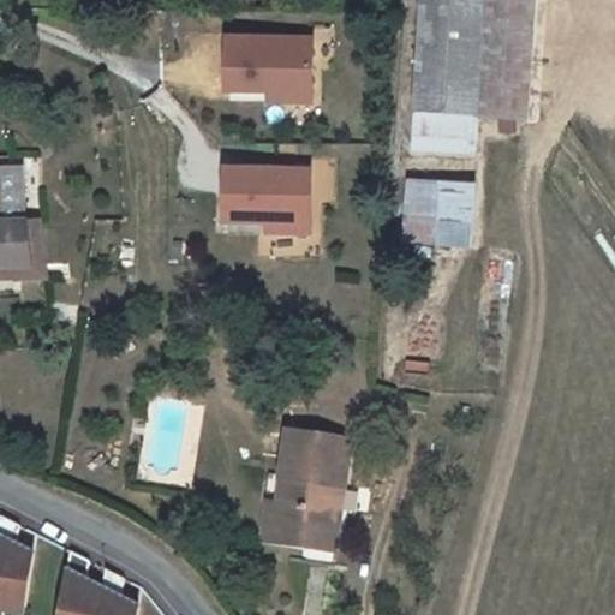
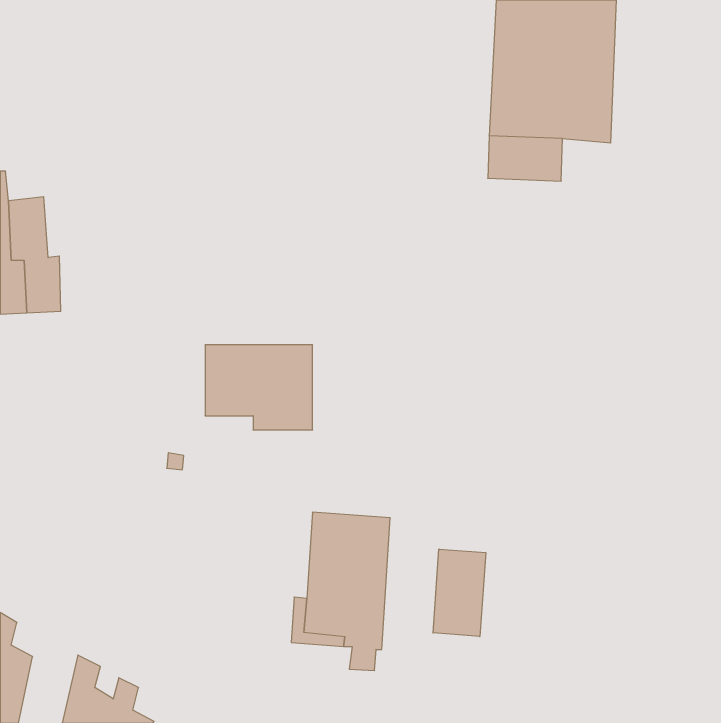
building: [220,31,315,103] -> none
building: [221,165,312,237] -> [205,345,313,430]
building: [410,179,476,243] -> none
building: none -> [433,549,486,637]

